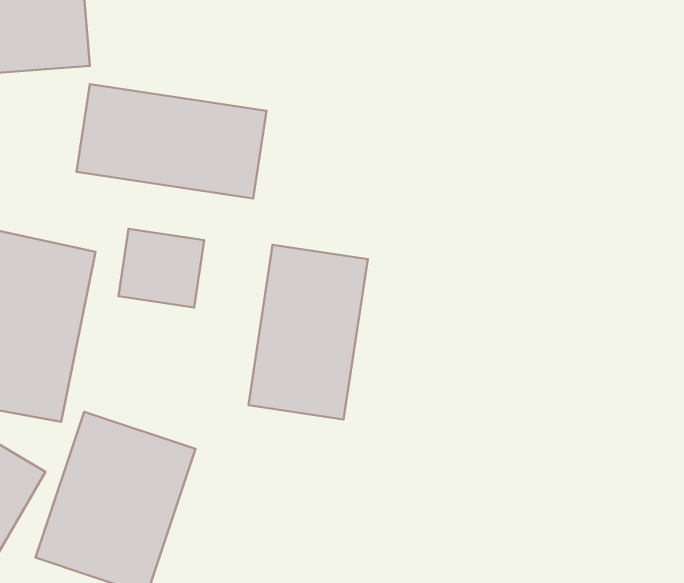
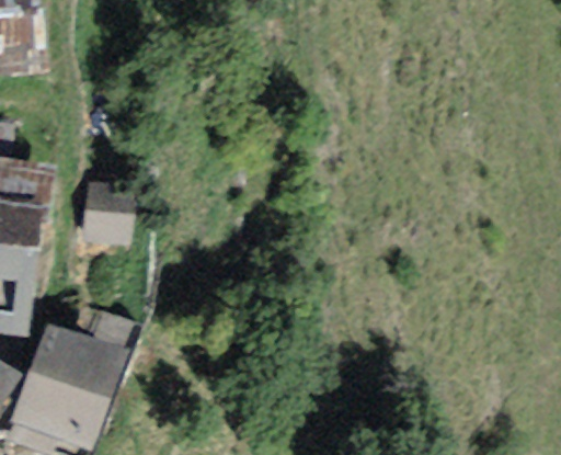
building: [76,84,267,199] -> none
building: [248,245,368,419] -> none

